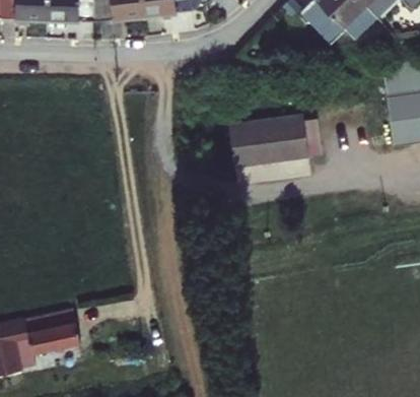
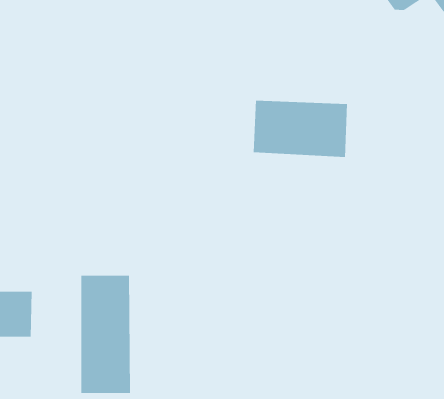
building: none -> [81,275,130,394]

